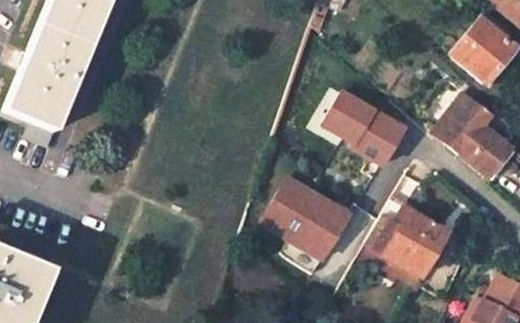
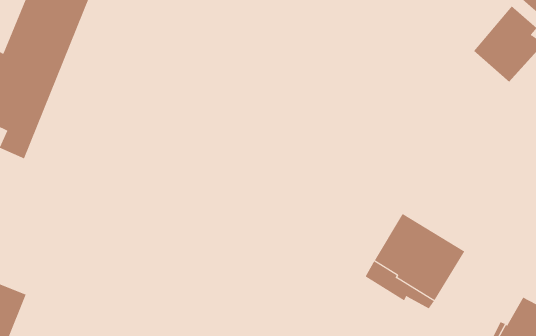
building: [324,89,406,165] -> none
building: [440,93,506,165] -> none
building: [274,184,350,272] -> none

